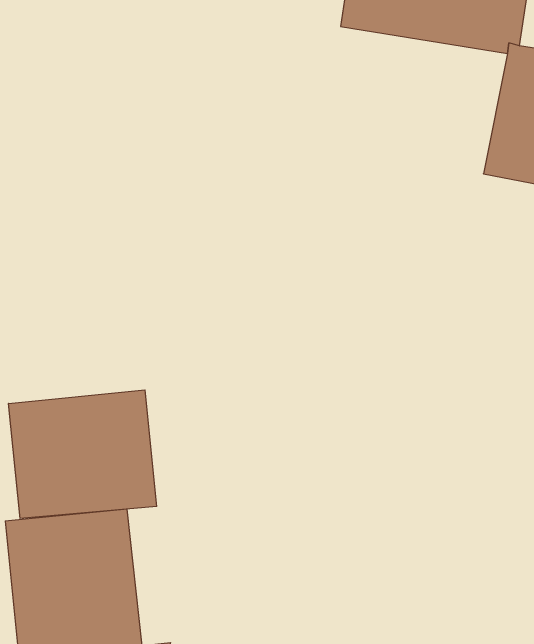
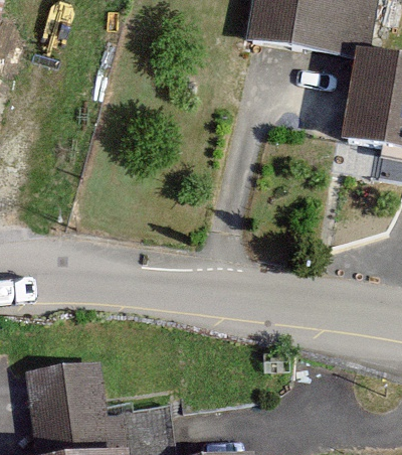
building: [9,390,157,518] -> none

